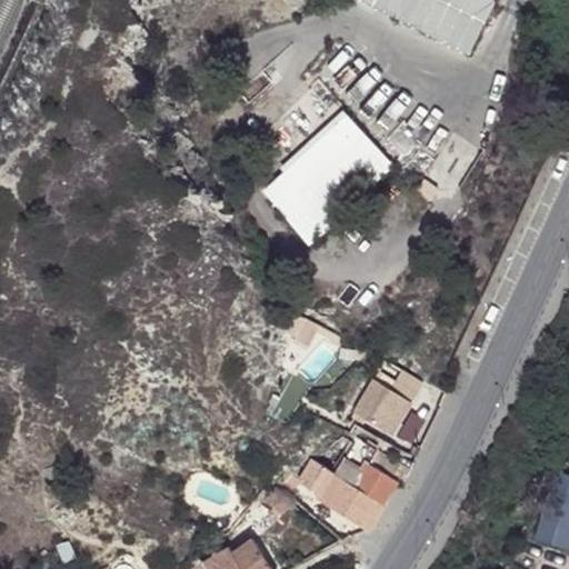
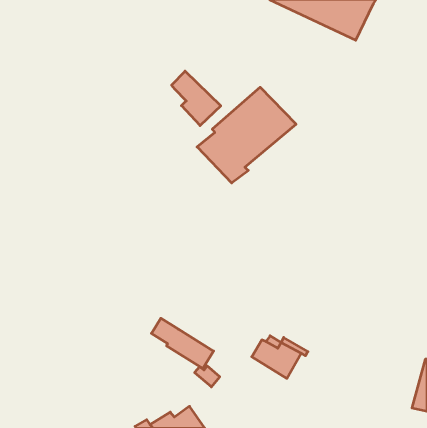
building: none -> [172,71,221,126]
building: [350,370,415,442] -> none
building: [298,458,380,525] -> [151,318,214,369]

